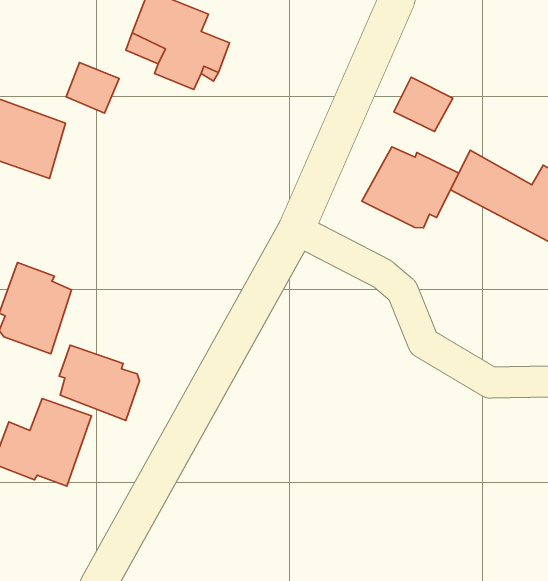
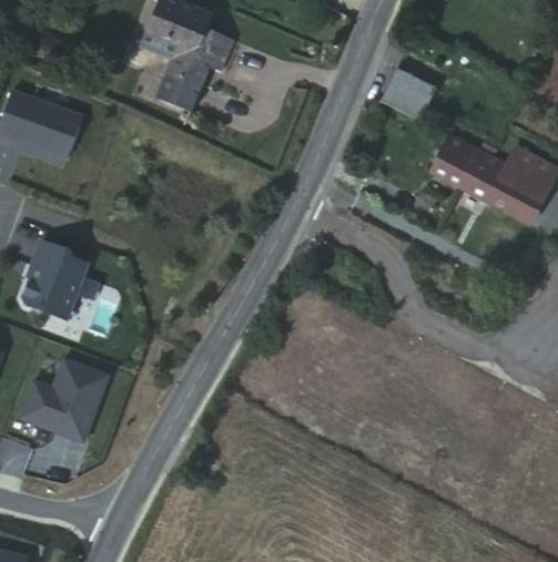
building: [66,62,119,113] -> [152,68,200,113]
building: [362,147,459,228] -> none
building: [59,345,139,420] -> none

